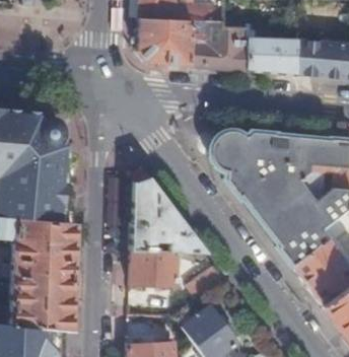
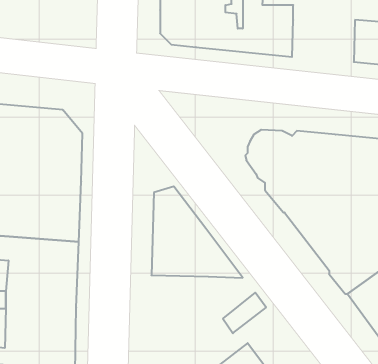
building: [247,40,298,74] -> none
building: [130,249,178,285] -> none

